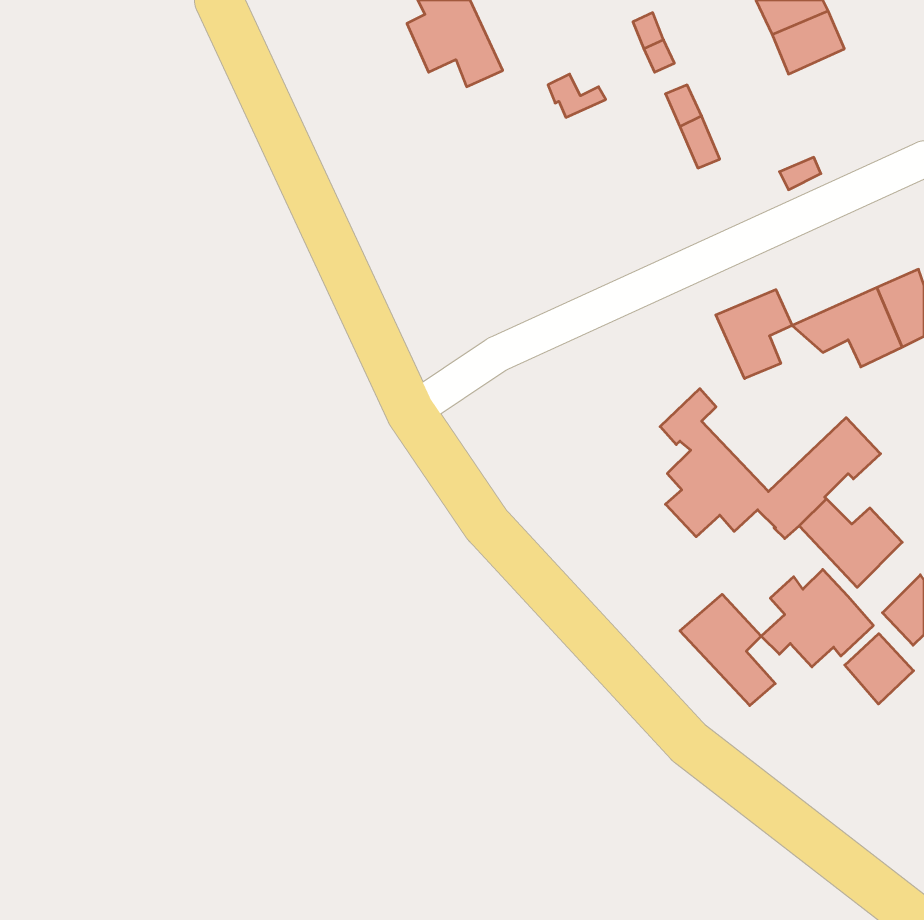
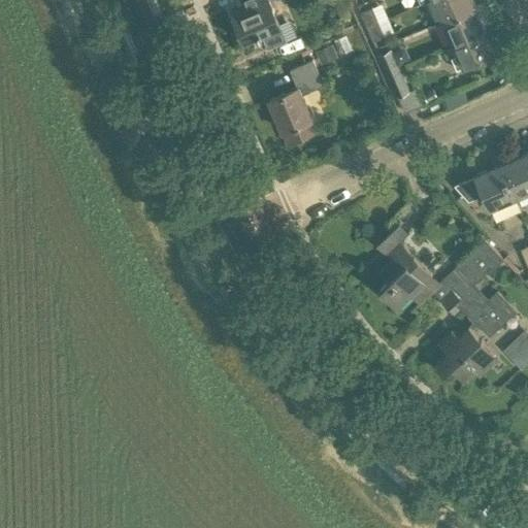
building: none -> [442,30,492,71]
building: none -> [268,61,323,144]
building: [716,290,792,379] -> none
building: [680,594,775,706] -> none
building: [845,634,914,704] -> none

